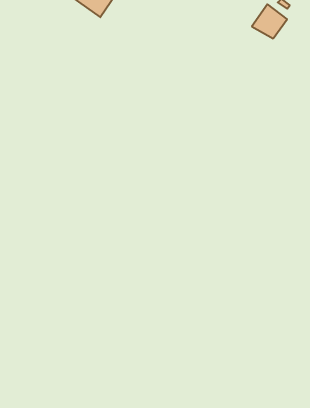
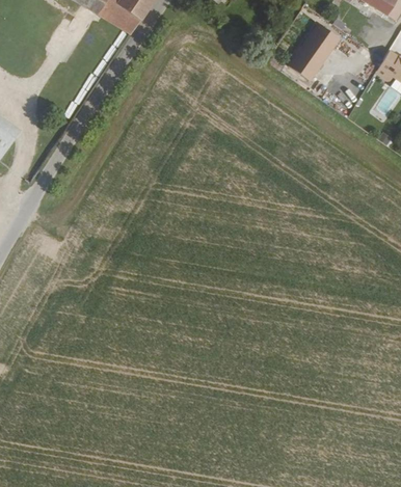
building: none -> [289,46,324,79]

